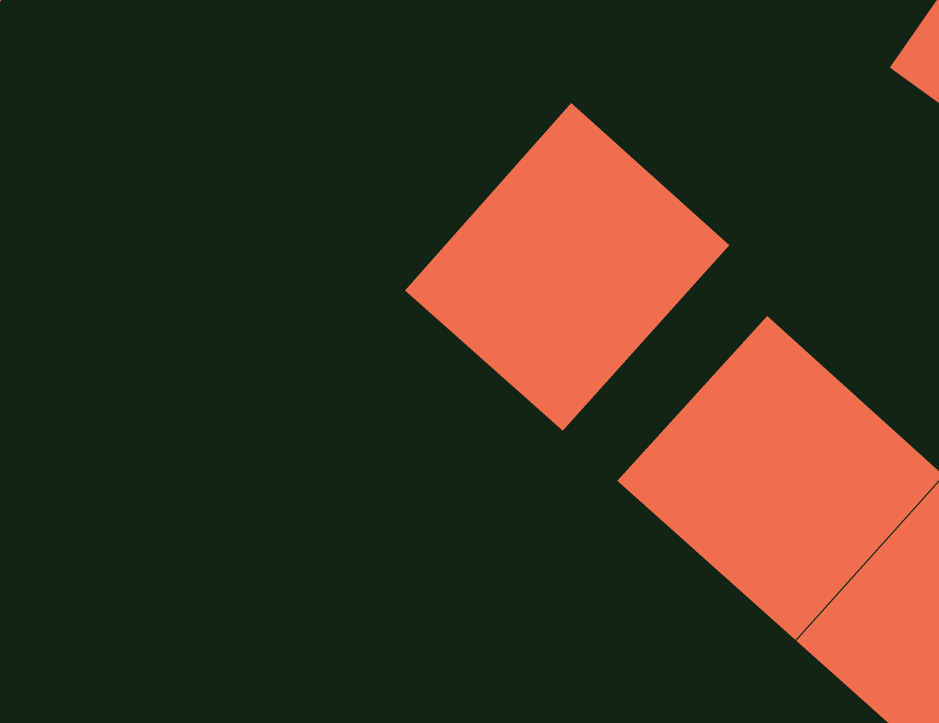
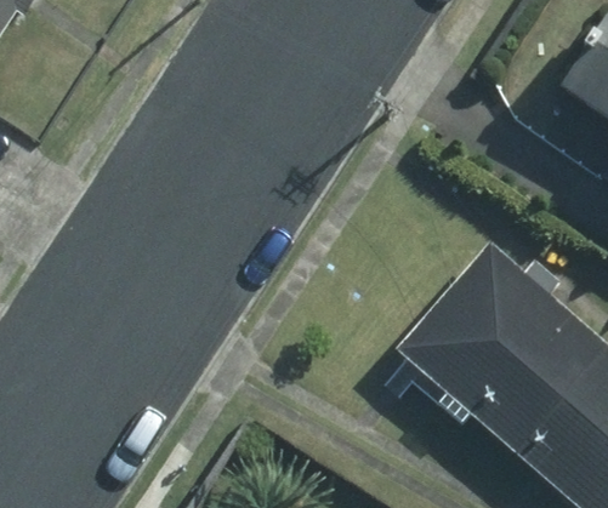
building: [404,102,730,431] -> none

